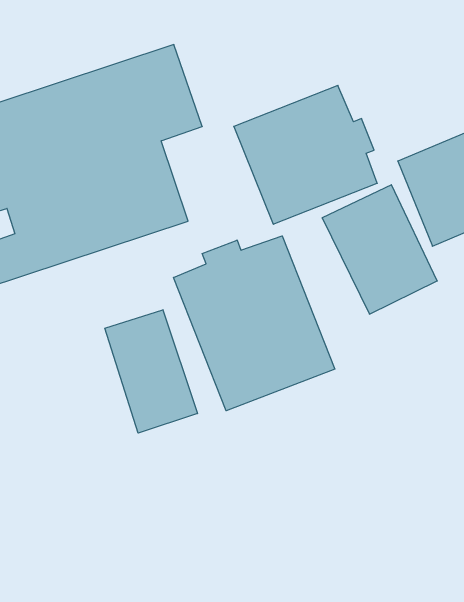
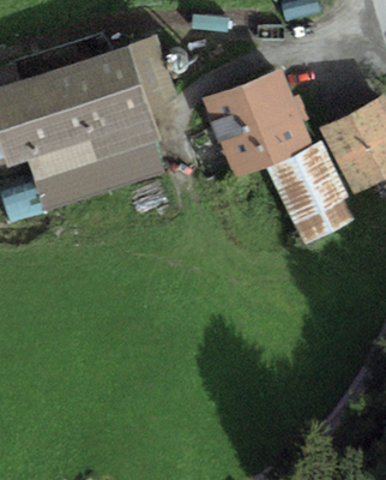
building: [174,236,335,411] -> none
building: [105,310,197,433] -> none

